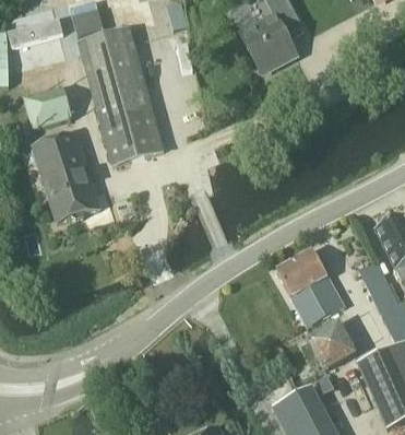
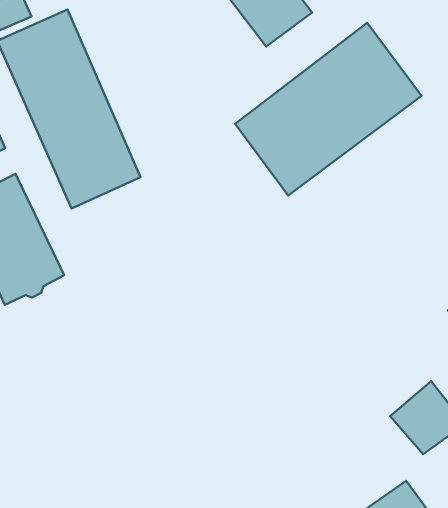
building: none -> [235,23,422,195]
building: [276,251,343,327] -> none

